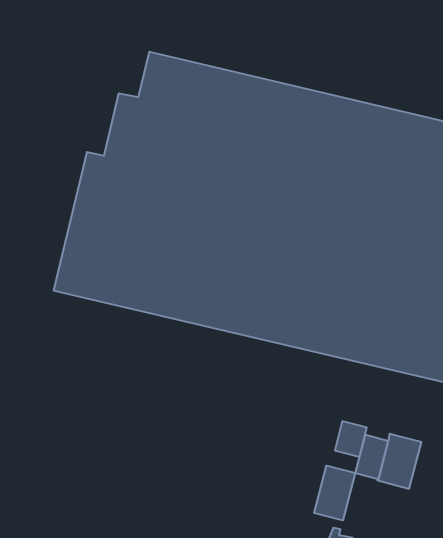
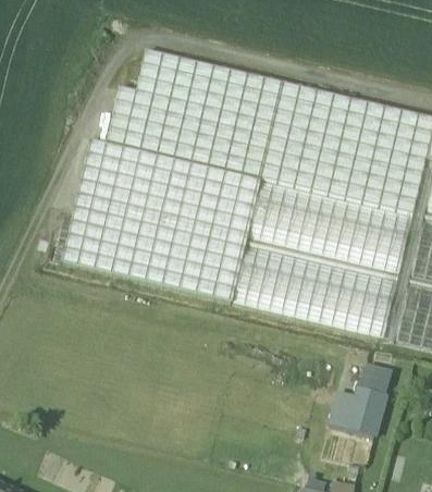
building: [335,421,367,457] -> [363,364,392,395]
building: [314,466,355,520] -> none

